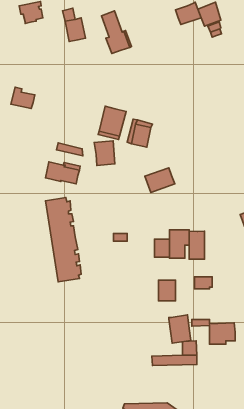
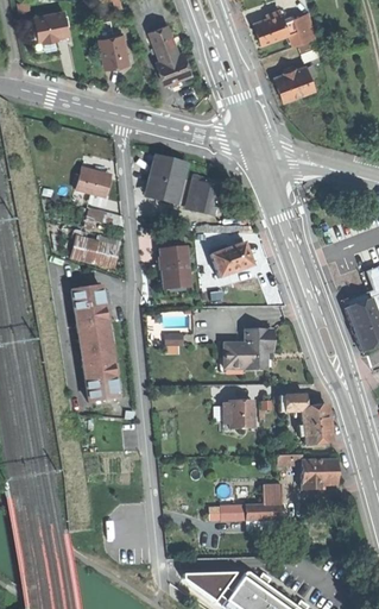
building: none -> [274,65,315,100]
building: [11,87,35,108] -> [77,167,110,196]
building: [94,141,115,166] -> [160,247,189,282]
building: [189,231,205,259] -> none
building: [169,315,191,343] -> [302,406,333,445]

